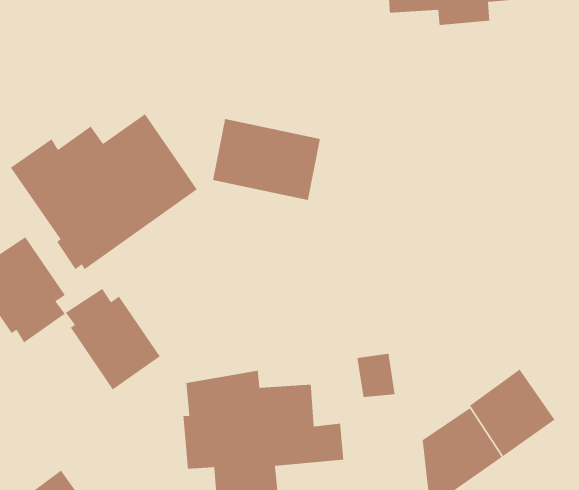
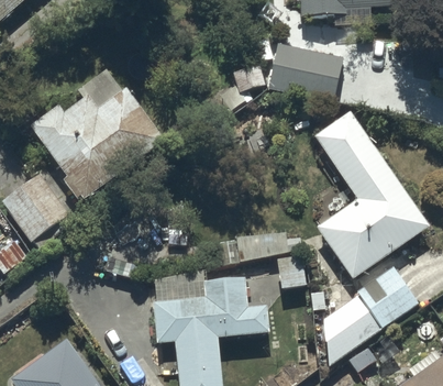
building: [212,118,321,201] -> [267,44,344,102]
building: none -> [314,113,428,278]
building: [65,288,161,391] -> none

